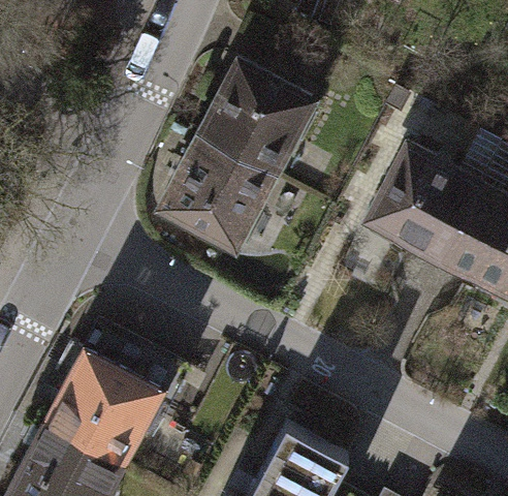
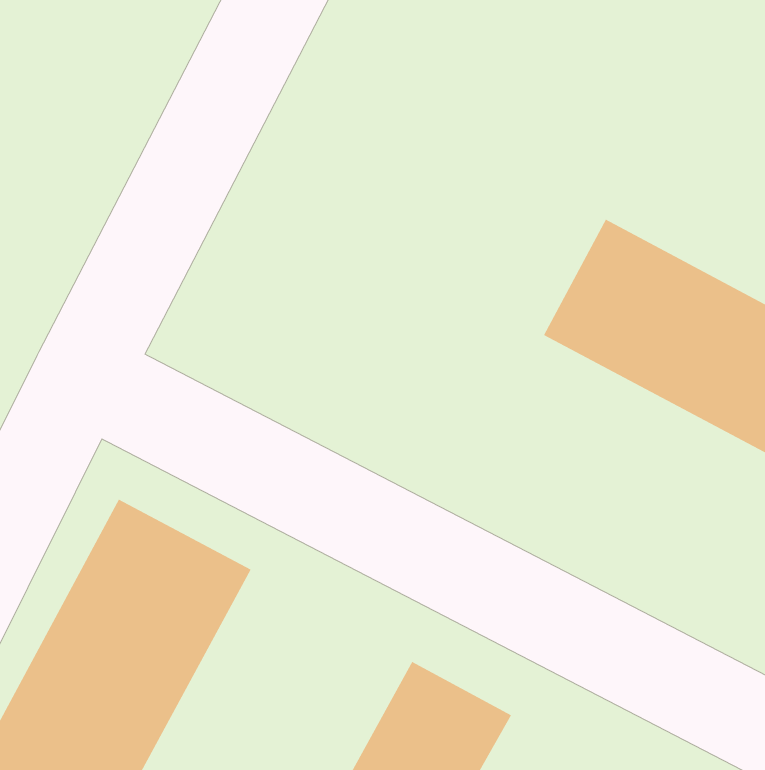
building: [159,61,313,248] -> none

